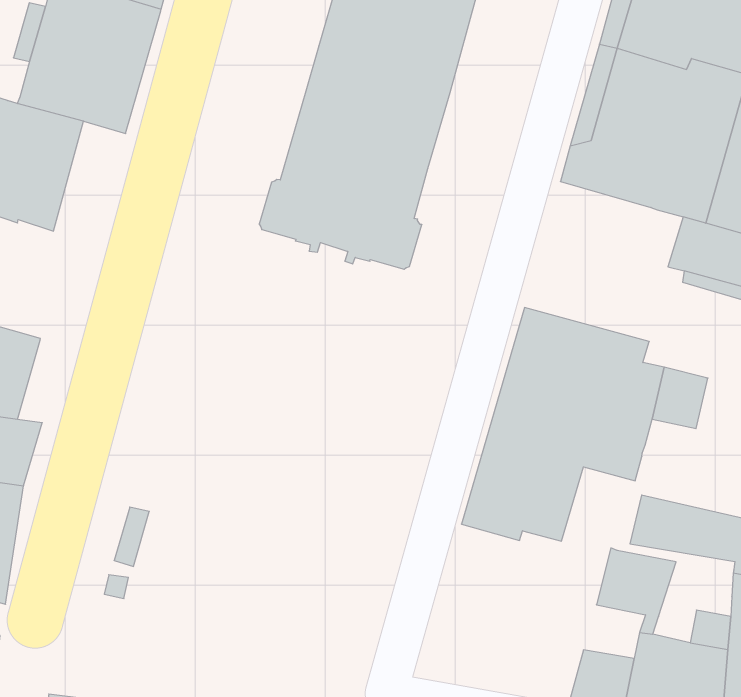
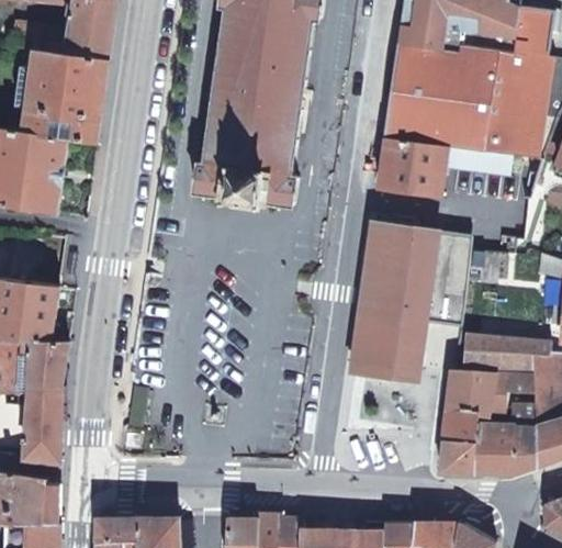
building: none -> [376,136,446,198]
building: none -> [487,374,533,413]
building: none -> [441,410,479,441]

